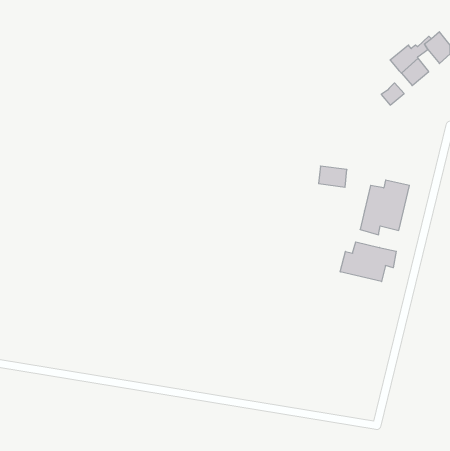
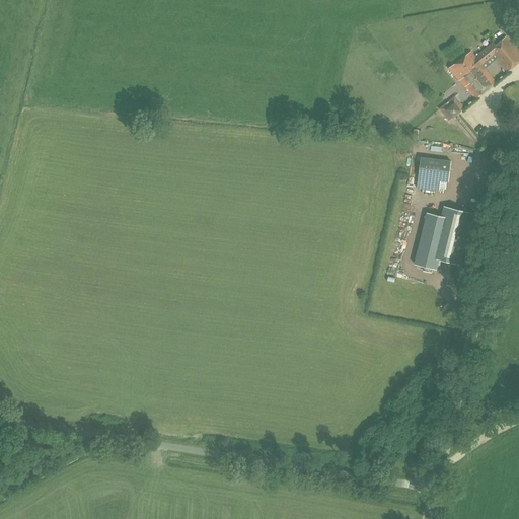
building: [319,166,347,187] -> [417,157,449,181]
building: [340,242,396,282] -> none

